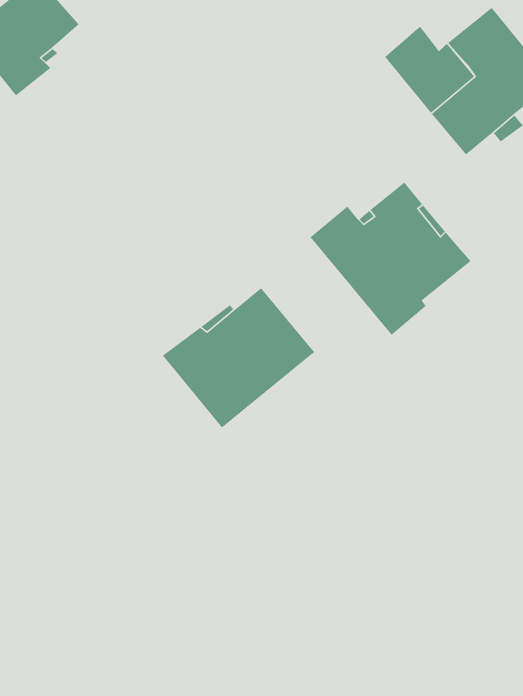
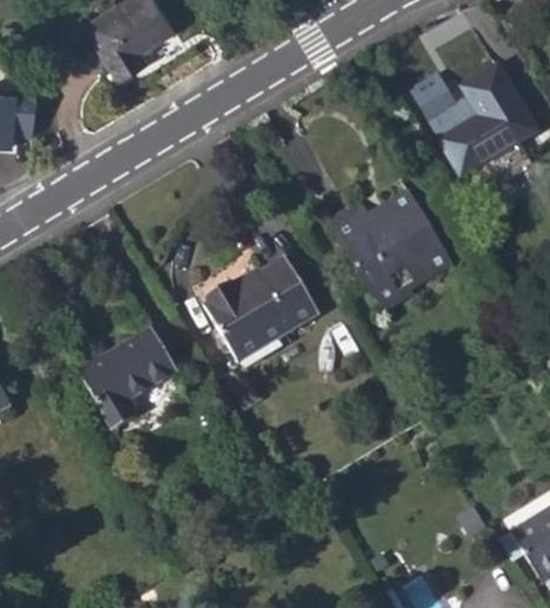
building: none -> [75,325,178,428]

